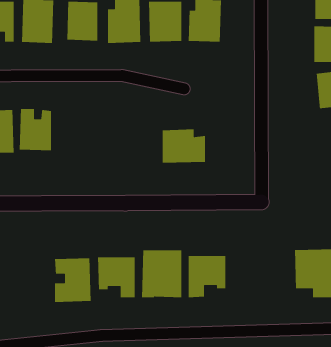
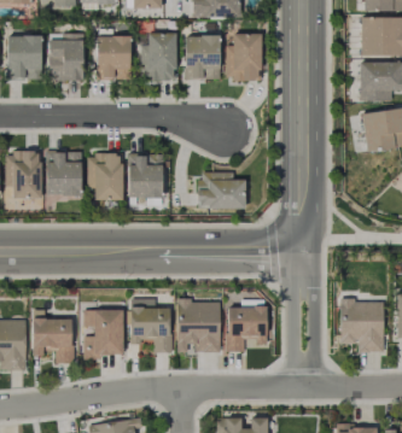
building: none -> [88,153,123,200]
building: none -> [128,153,163,198]
building: none -> [31,310,72,363]

